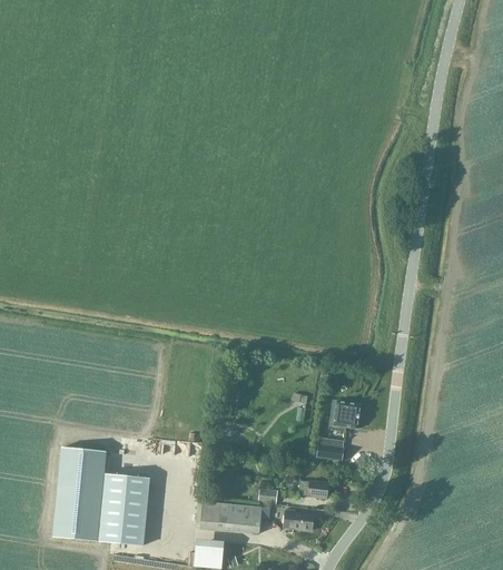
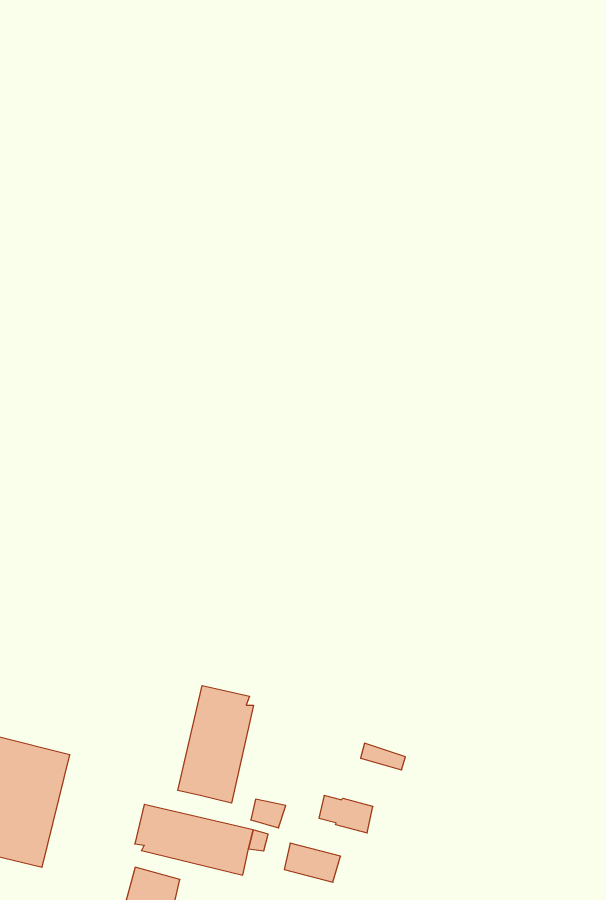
building: [328,399,362,429] -> none
building: none -> [178,686,253,803]

